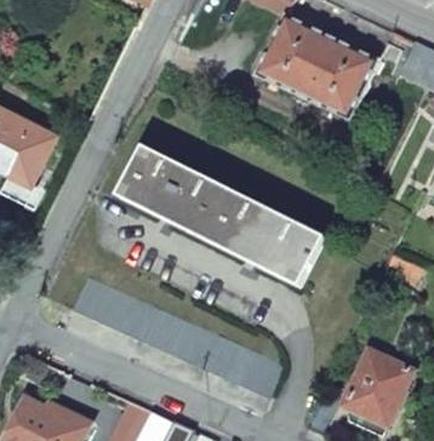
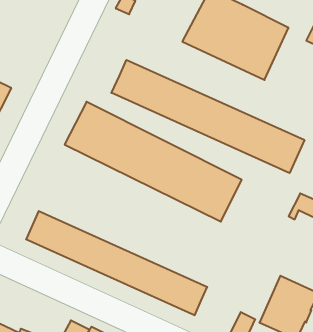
building: none -> [111,60,304,173]

